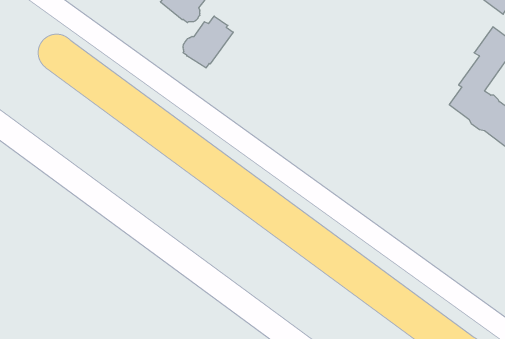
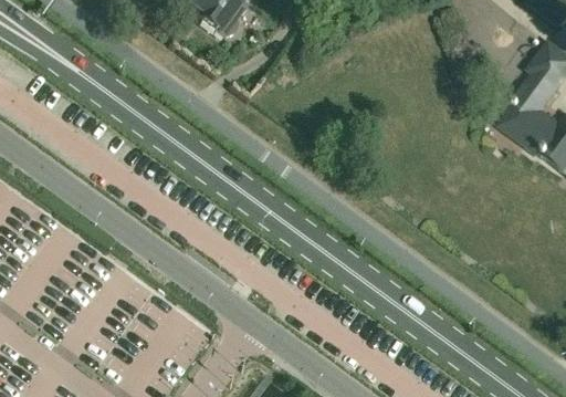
building: [183,16,233,68] -> none

